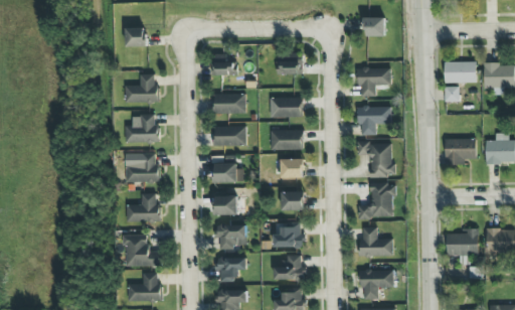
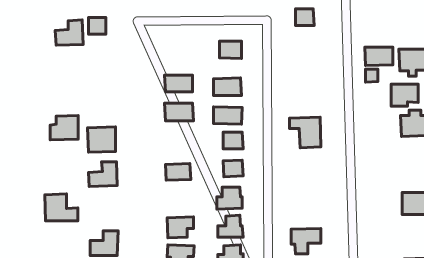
building: [212,53,236,74] -> none
building: [358,67,390,96] -> none
building: [125,73,157,103] -> [55,20,83,45]
building: [357,107,391,135] -> none
building: [125,115,157,143] -> [50,115,78,140]
building: [445,139,476,164] -> [391,84,418,106]
building: [214,164,243,182] -> none
building: [358,182,395,217] -> none
building: [215,224,246,250] -> none
building: [360,227,393,256] -> none
building: [447,228,478,256] -> none
building: [123,235,161,266] -> [45,194,78,221]

